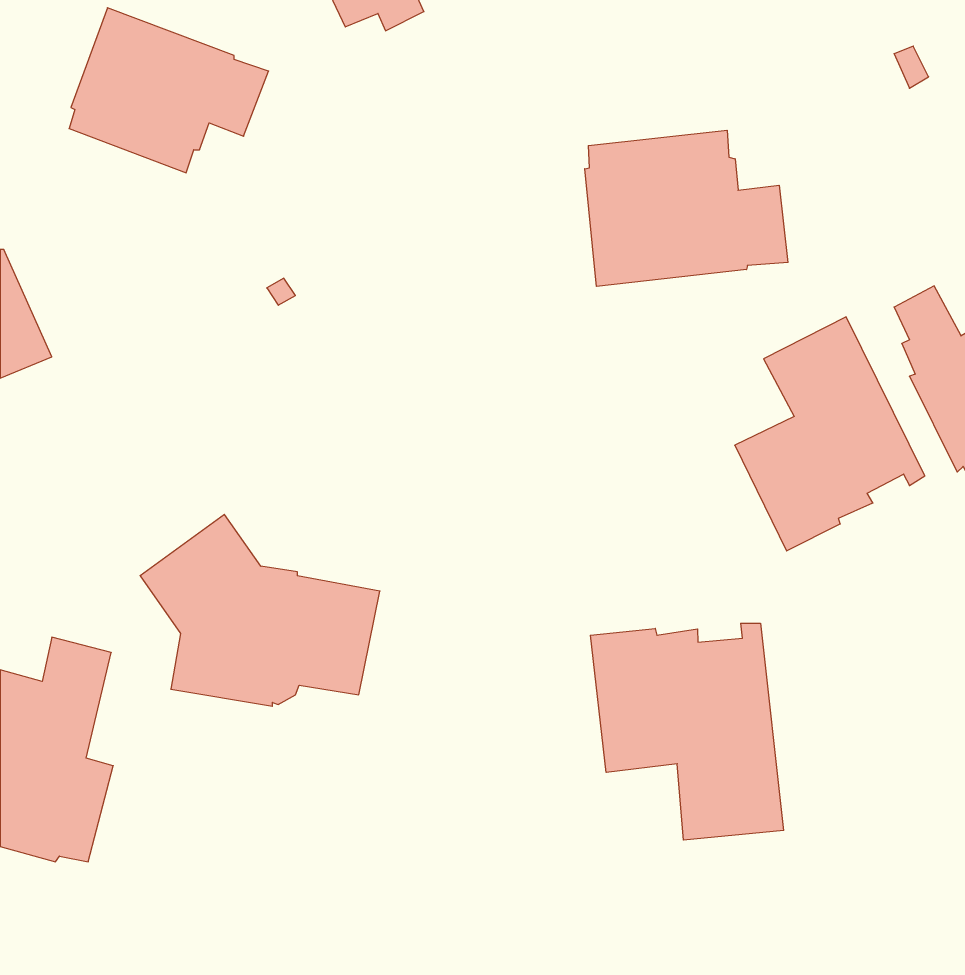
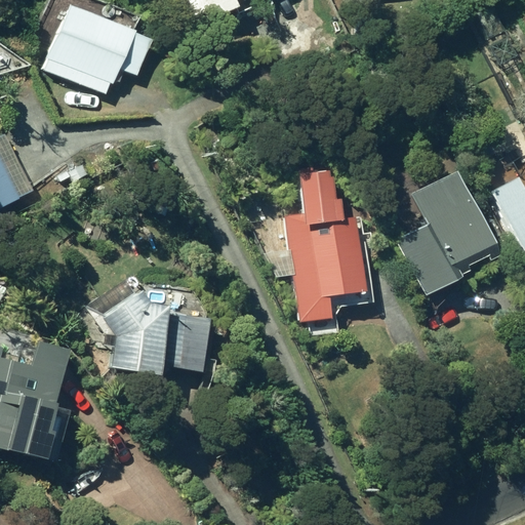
building: [585,130,788,286] -> none
building: none -> [287,163,366,322]
building: [590,623,784,840] -> none

